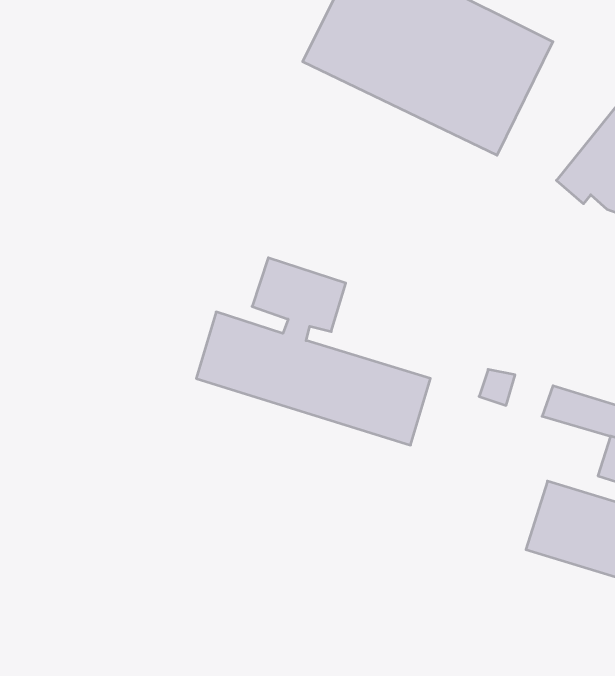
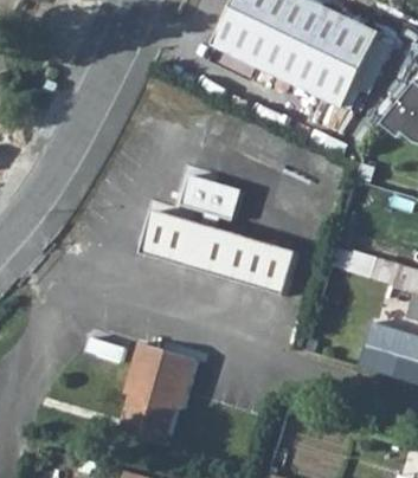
building: none -> [122,342,197,441]

